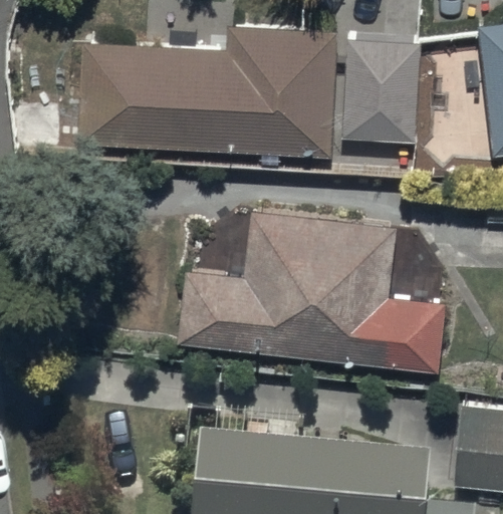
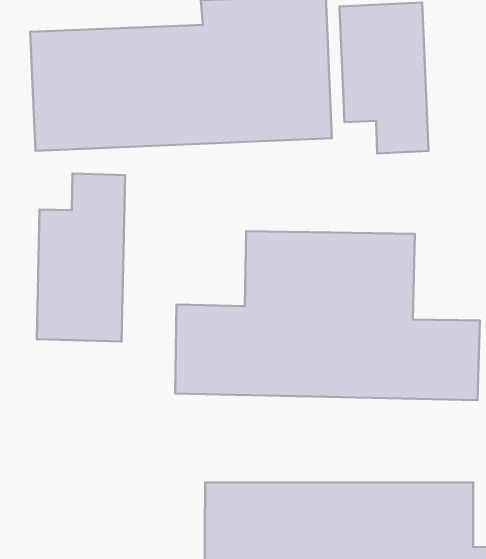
building: none -> [37,173,125,341]

